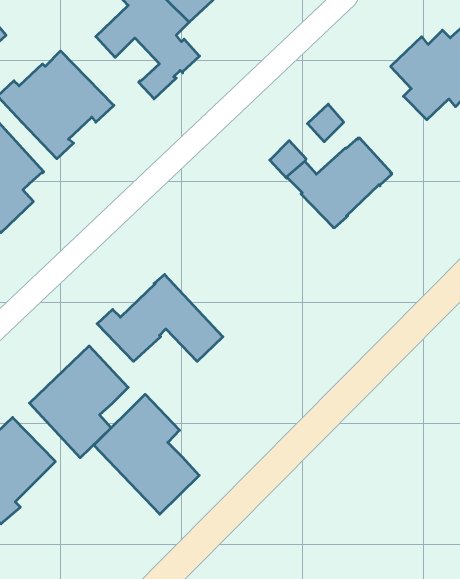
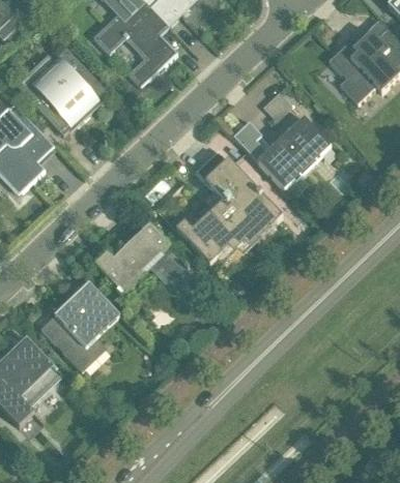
building: none -> [175,149,282,265]
building: [94,394,199,514] -> none

